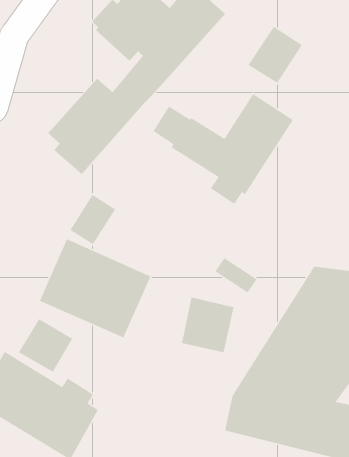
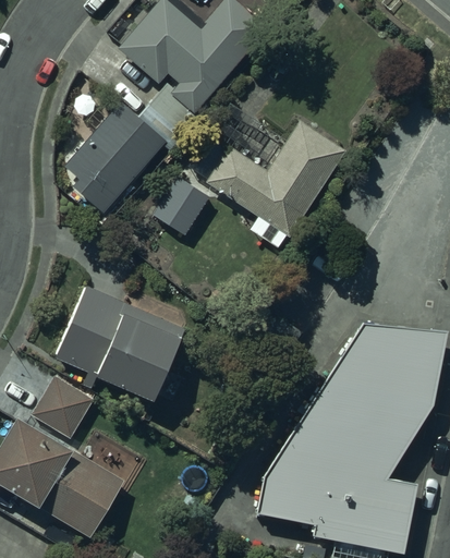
building: [247,26,303,84] -> none
building: [69,194,116,245] -> [155,174,208,233]
building: [181,296,235,353] -> none

